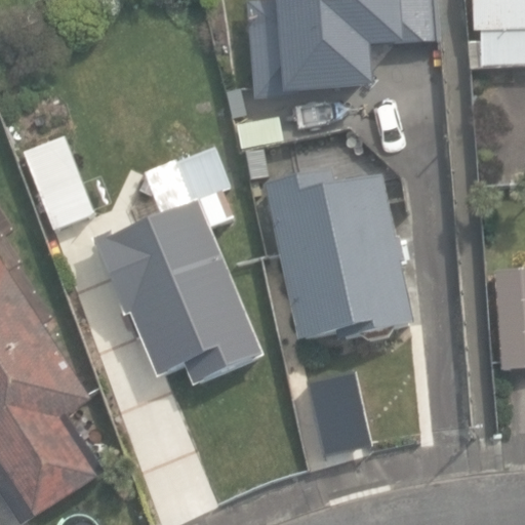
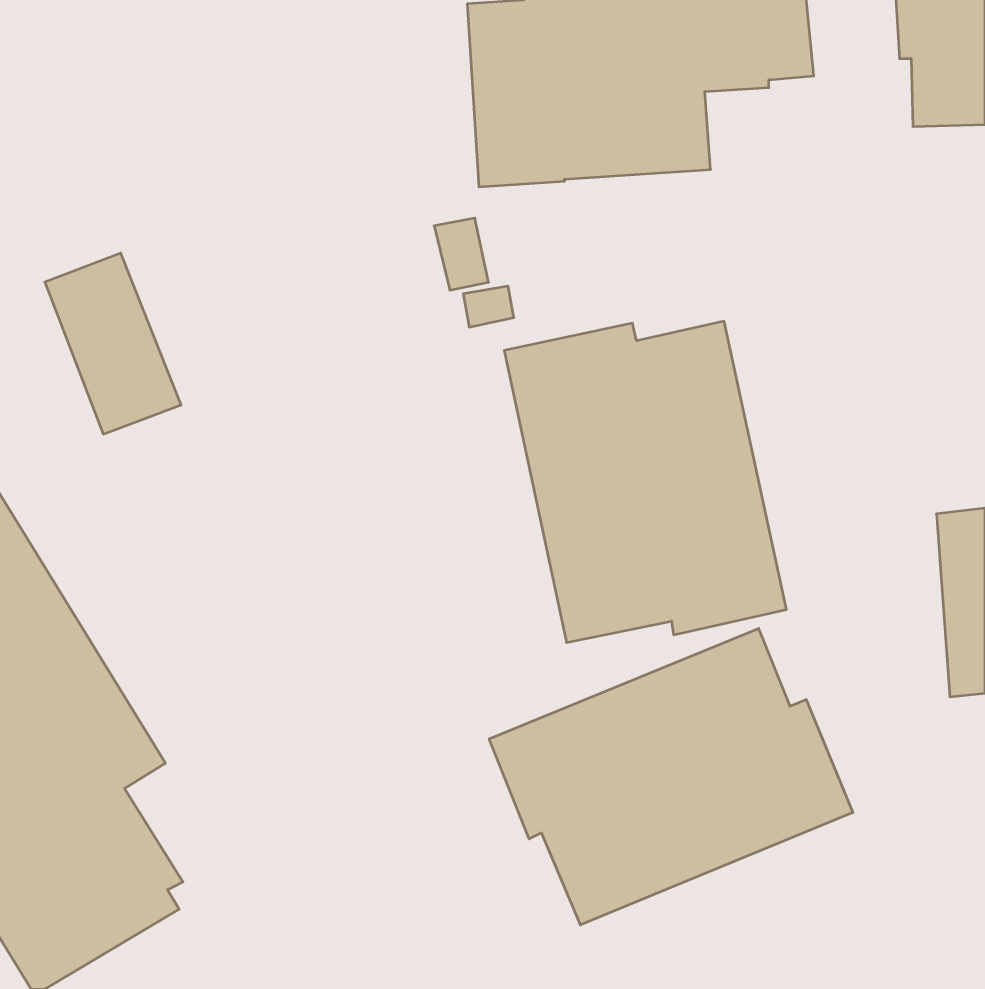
building: [92,144,262,382] -> none
building: none -> [489,628,853,925]

